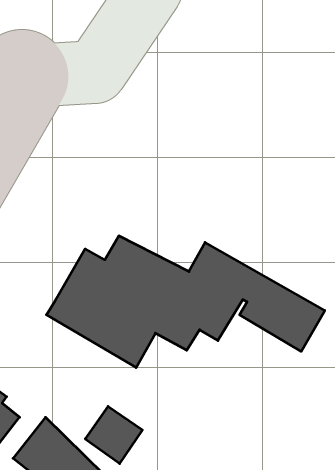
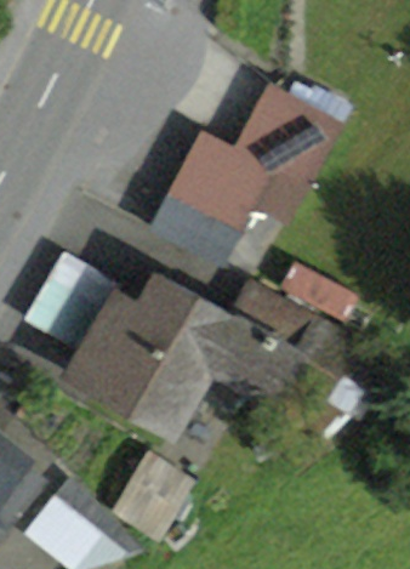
building: none -> [171,90,337,235]
building: none -> [22,254,118,353]

